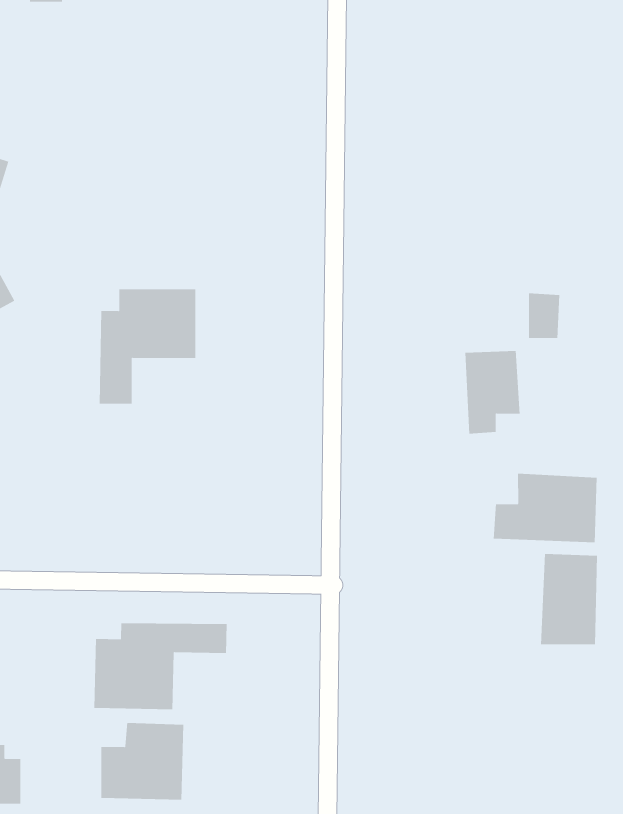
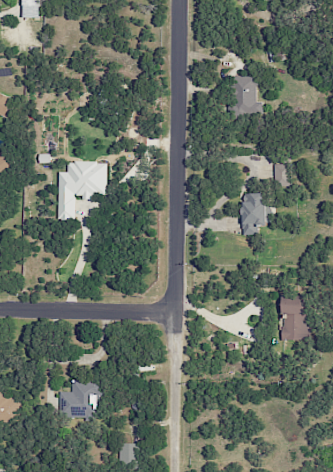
building: none -> [232,75,261,117]
building: [493,473,597,543] -> none
building: [94,623,227,710] -> none

